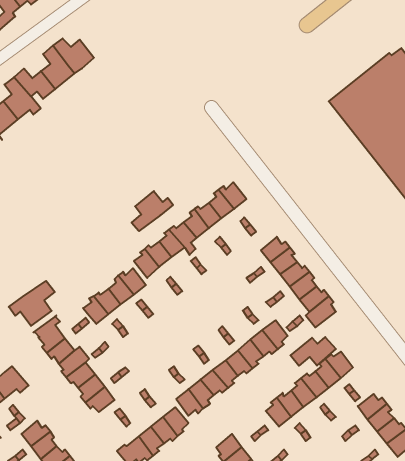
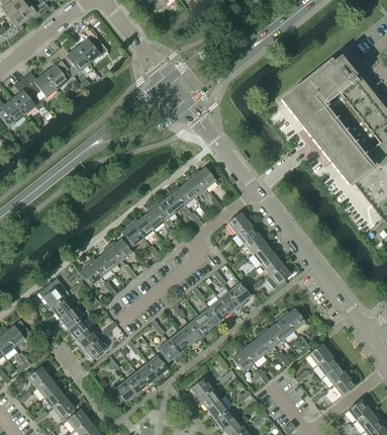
building: none -> [76,27,108,63]
building: [132,191,173,231] -> none
building: [9,281,55,326] -> none
building: [290,337,336,366] -> none

